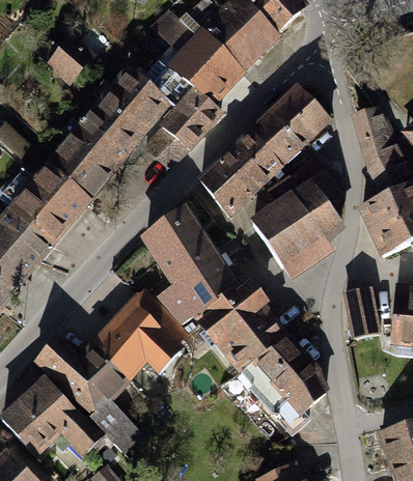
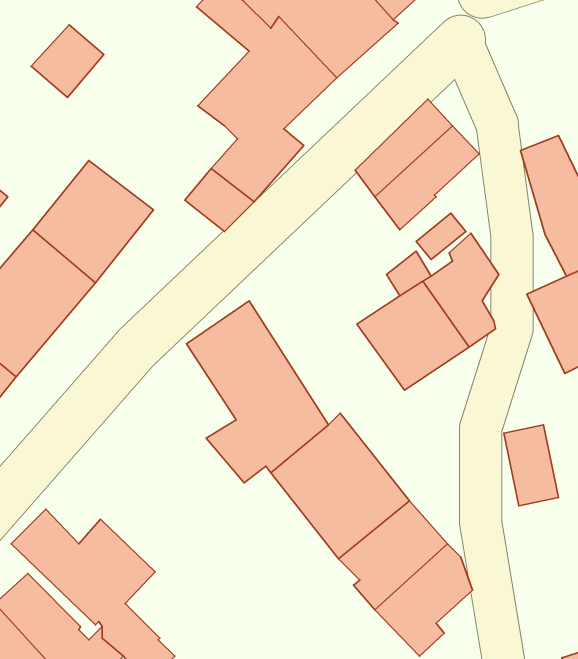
building: [84,69,169,153] -> none
building: [200,129,282,216] -> none
building: [91,289,185,380] -> none

